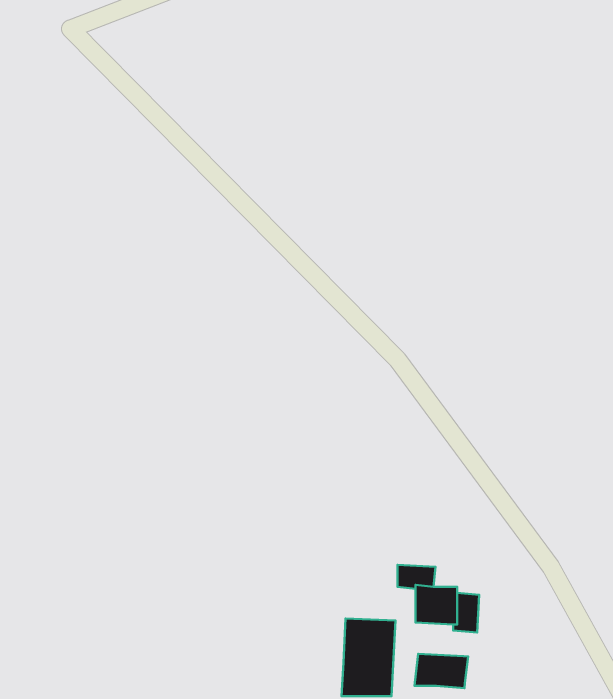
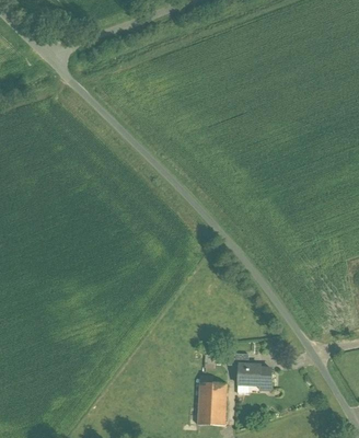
building: [415,654,468,688] -> none

